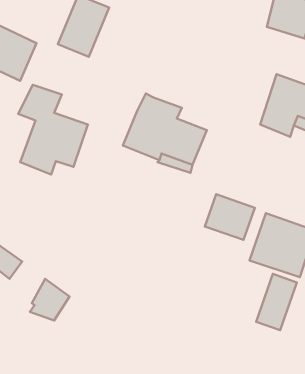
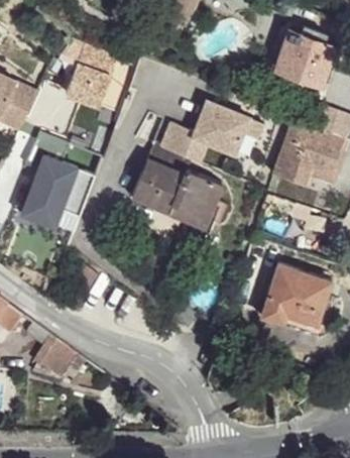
building: none -> [162,101,265,161]
building: [205,194,255,240] -> none
building: [256,274,297,330] -> none

